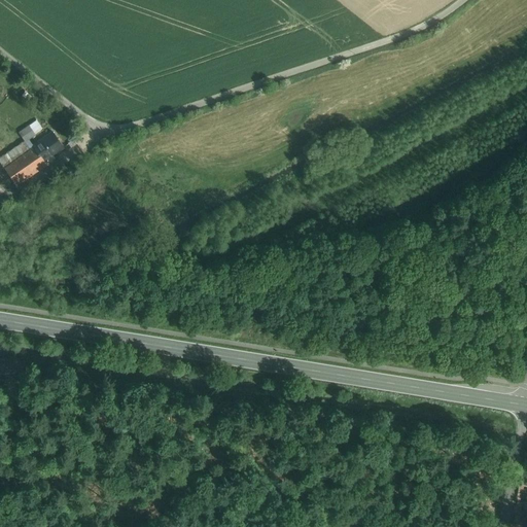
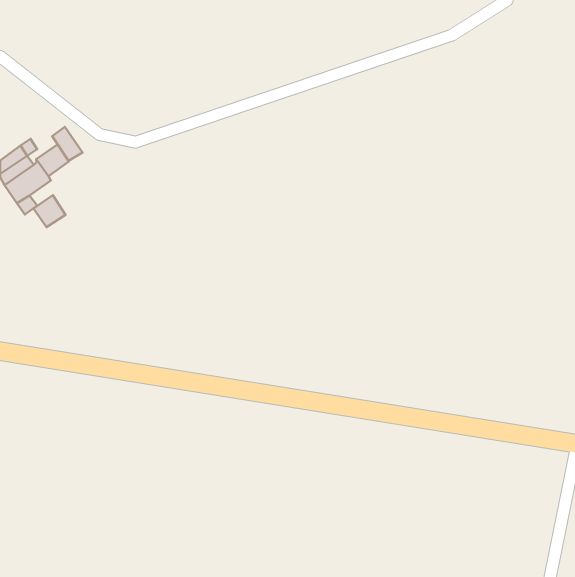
building: none -> [52,127,82,161]
building: none -> [33,195,66,227]

